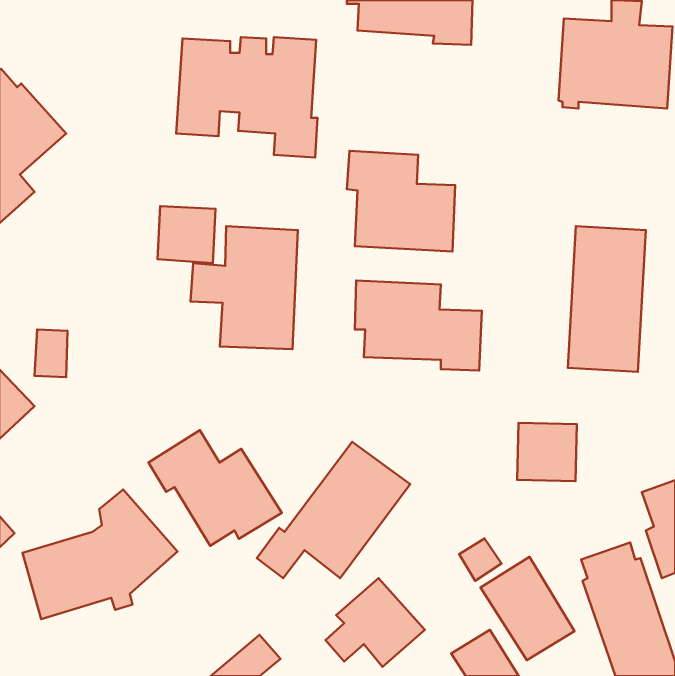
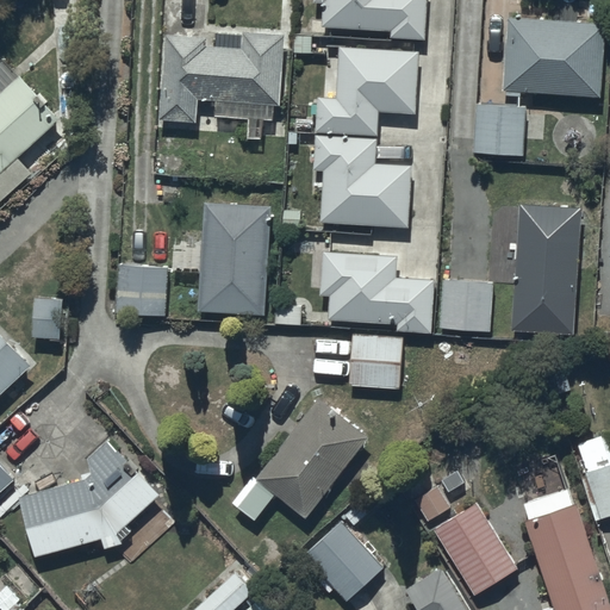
building: none -> [316,46,418,136]
building: none -> [473,105,525,157]
building: [157,206,216,263] -> [116,266,168,317]
building: none -> [349,334,404,390]
building: [517,423,577,481] -> [438,280,492,332]
building: [148,430,282,546] -> none

